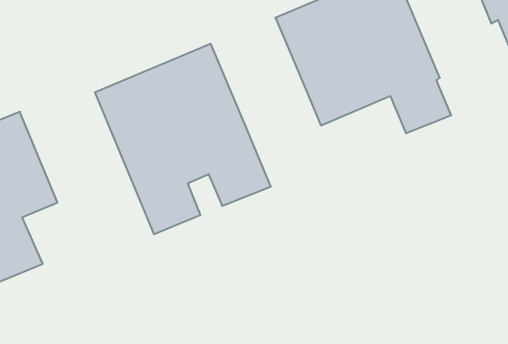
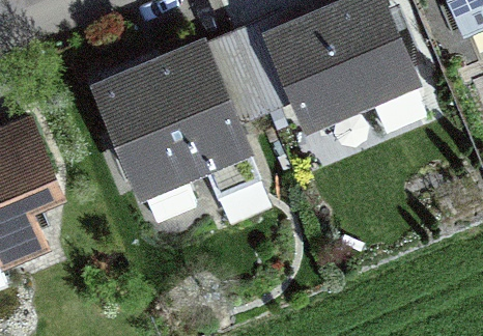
building: none -> [205,26,295,123]

